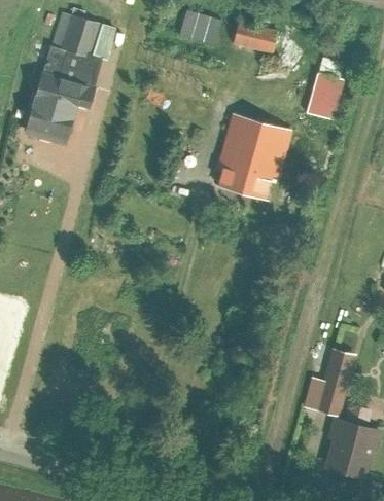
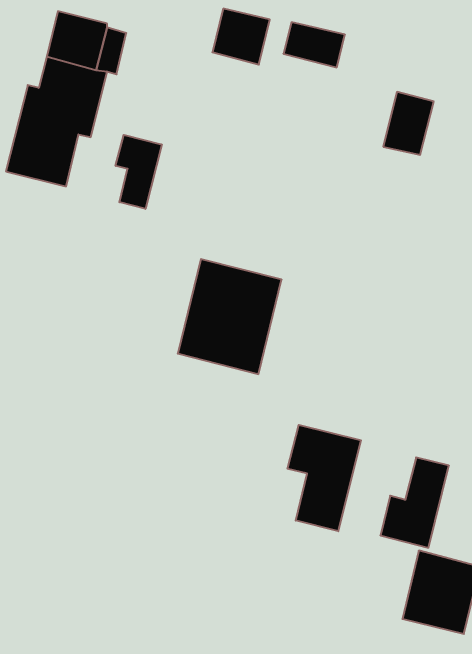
building: none -> [116,135,162,209]
building: [214,113,292,200] -> [178,259,282,374]
building: none -> [287,425,361,531]

